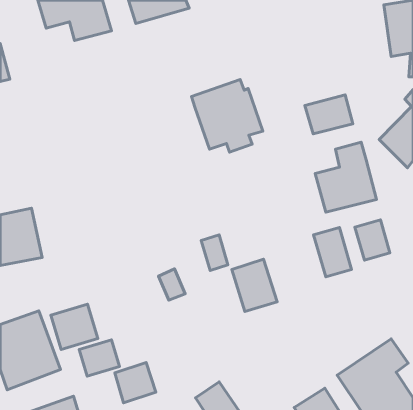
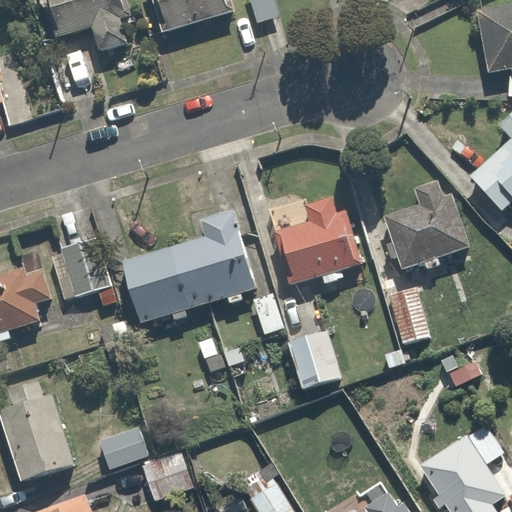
building: [192,80,263,152] -> [273,197,361,287]
building: [305,95,353,134] -> none
building: none -> [121,207,259,322]
building: none -> [50,242,113,304]
building: [355,220,390,260] -> none
building: [51,304,98,349] -> none

